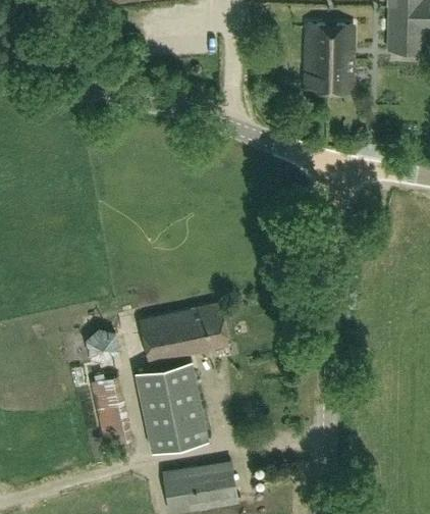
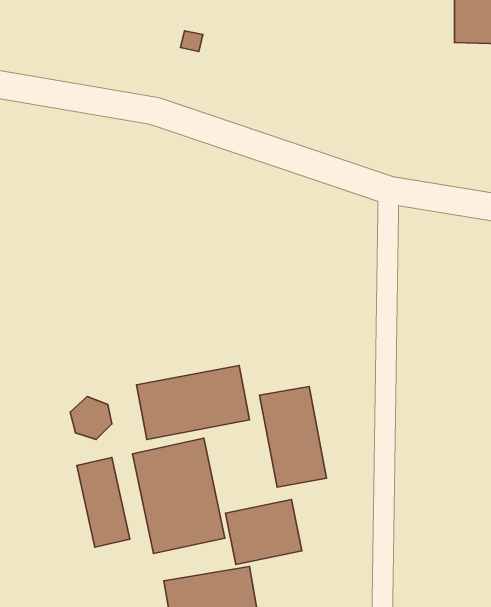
building: [303,24,354,94] -> none
building: none -> [260,386,327,487]
building: none -> [225,499,302,564]

